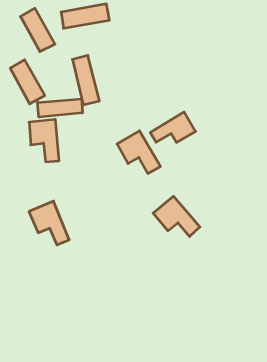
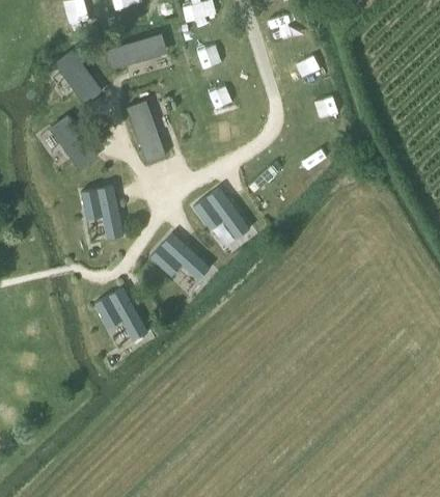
building: [38,99,82,117] -> none
building: [150,112,196,142] -> none
building: [153,196,200,237] -> [149,232,210,280]

